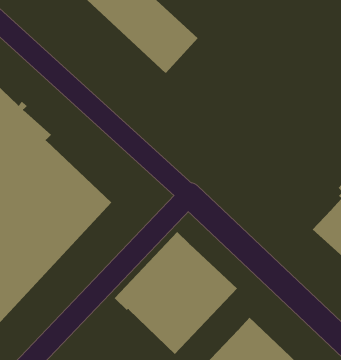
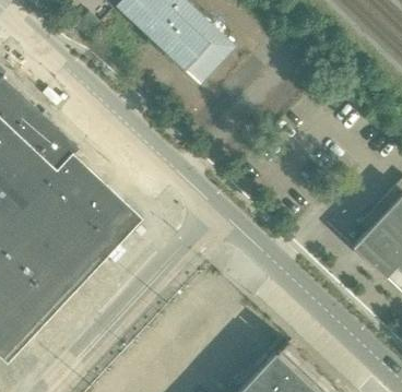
building: [114,231,238,355] -> none

